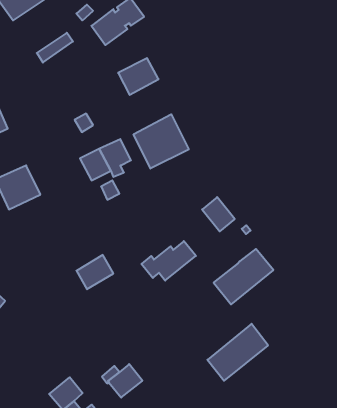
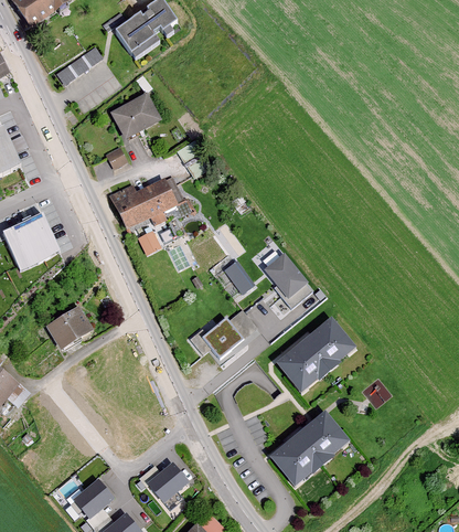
building: [118,58,159,95] -> [108,94,159,140]
building: [134,114,189,169] -> none
building: none -> [223,260,255,296]
building: [76,255,113,289] -> [43,305,89,348]

